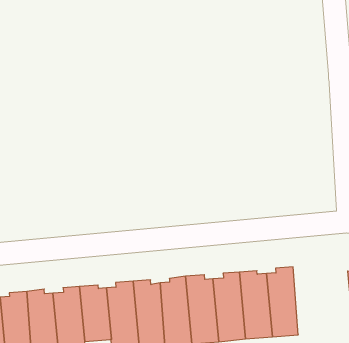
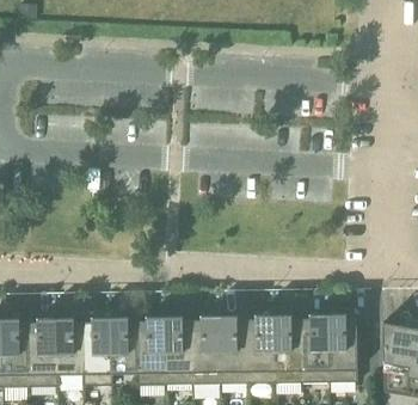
building: none -> [327,314,357,383]

